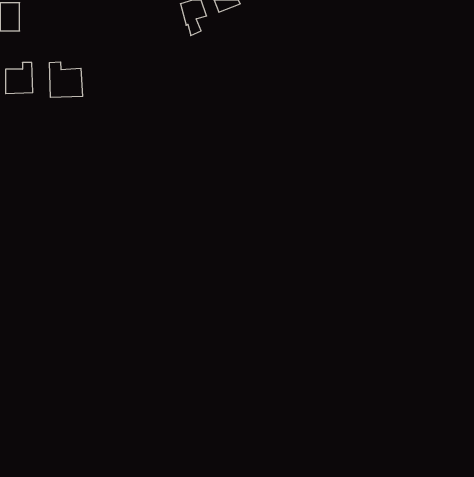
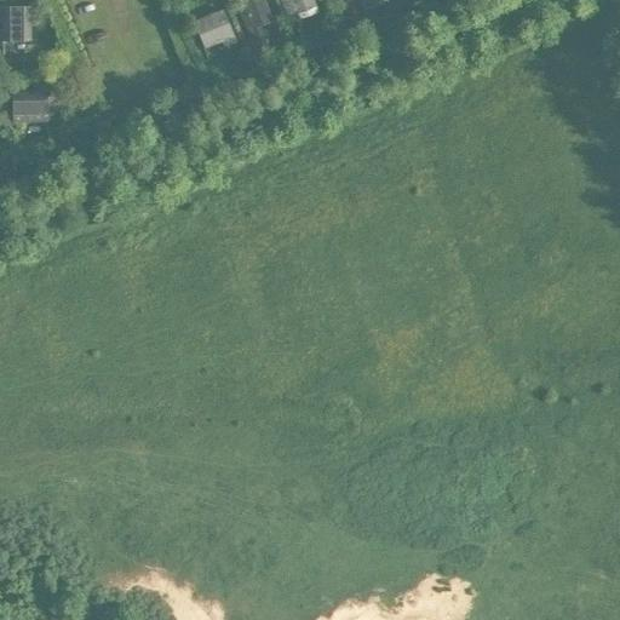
building: none -> [196,10,236,47]
building: [49,62,83,97] -> none

